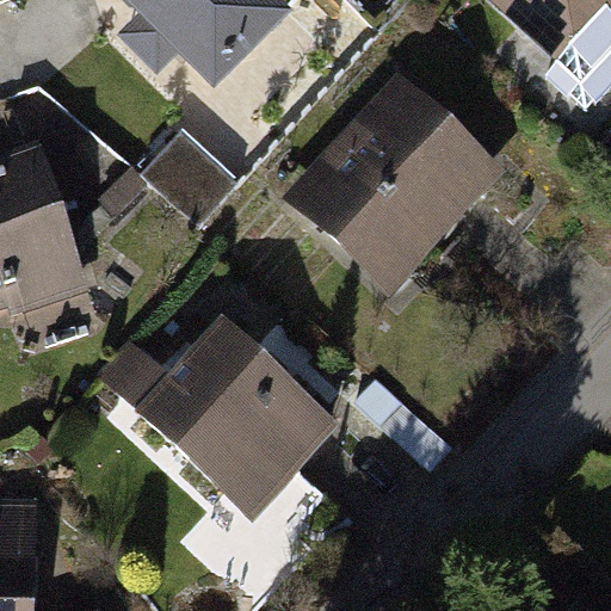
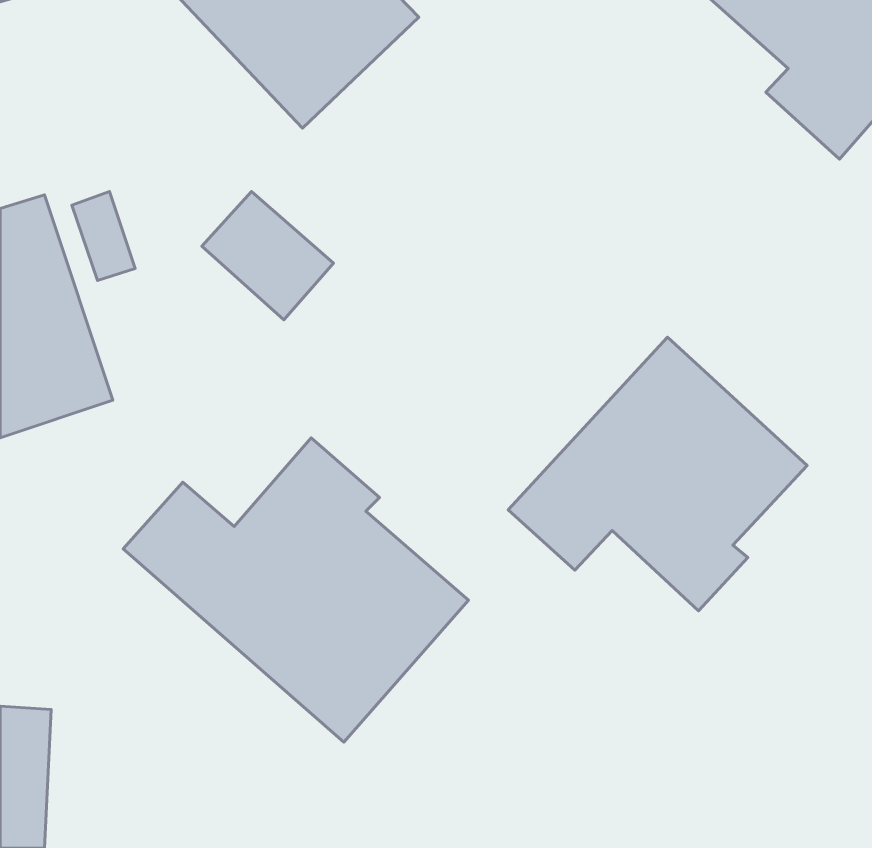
building: [290,72,511,294] -> none
building: none -> [508,337,807,611]

